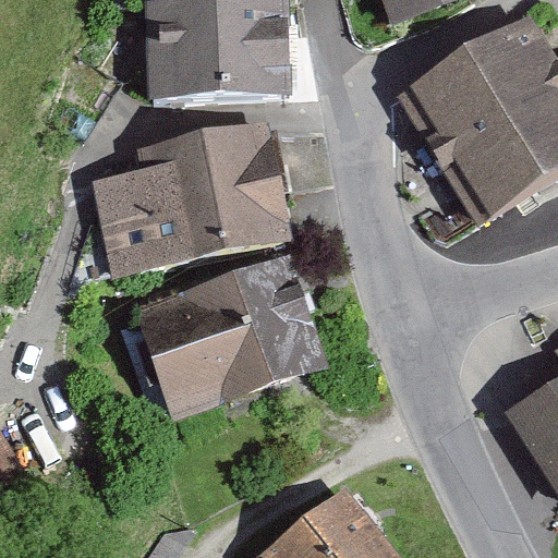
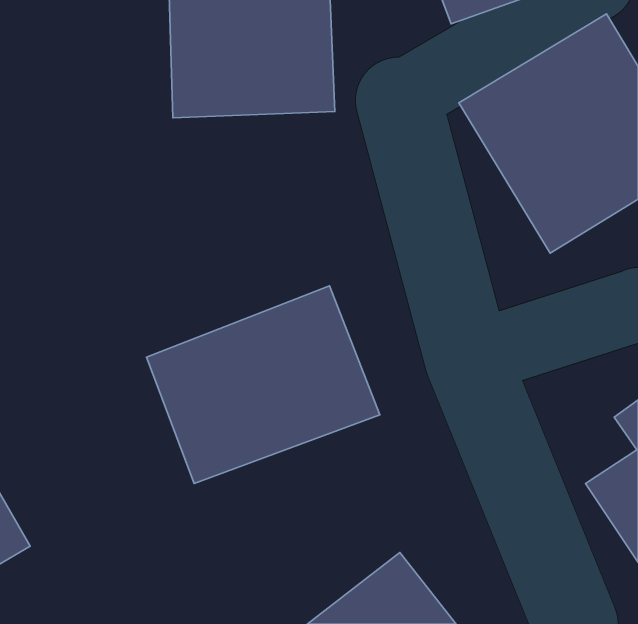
building: [96,121,302,280] -> none

